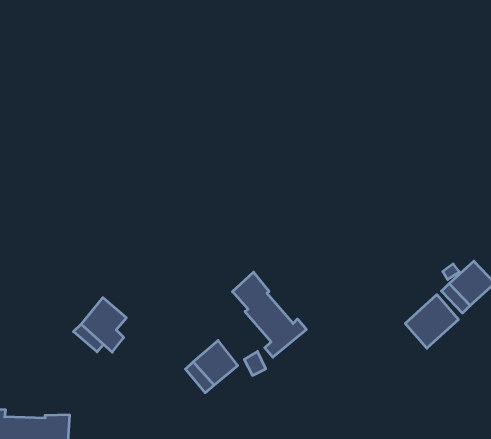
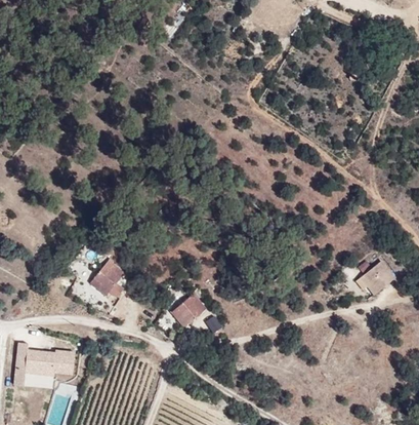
building: [232,272,306,357] -> none
building: [405,295,458,348] -> none

